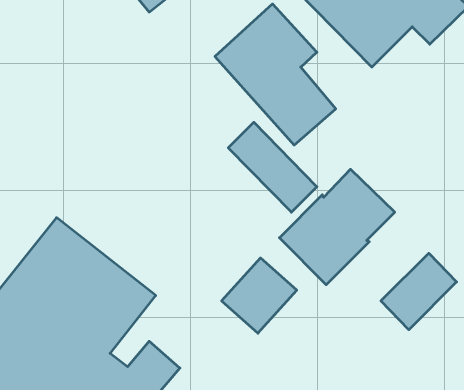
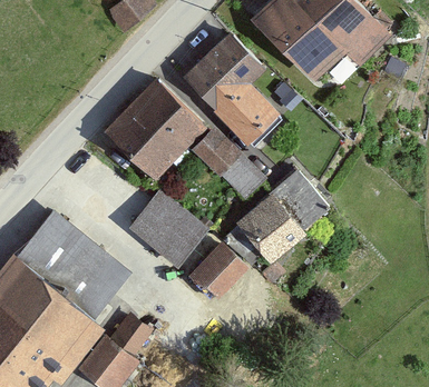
building: none -> [105,78,207,180]
building: none -> [128,191,208,268]
building: [381,253,457,330] -> none

